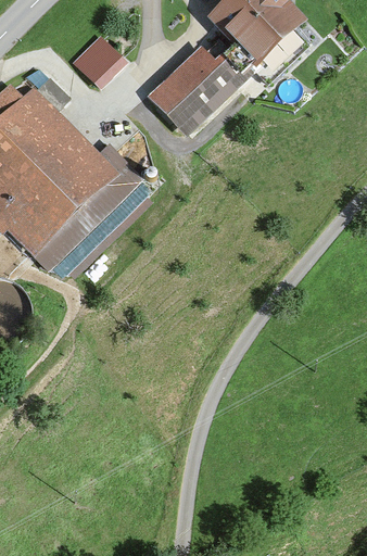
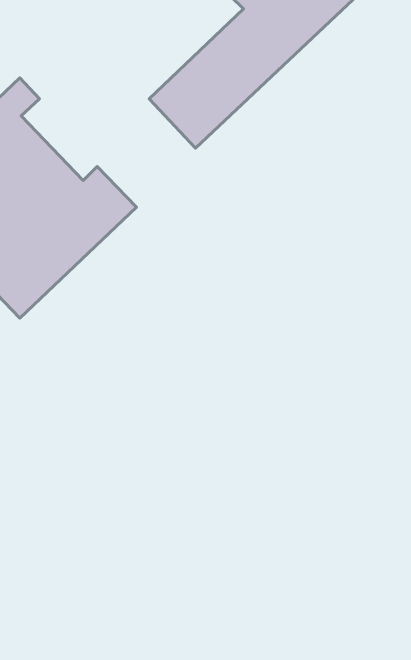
building: [73,34,130,91] -> none

